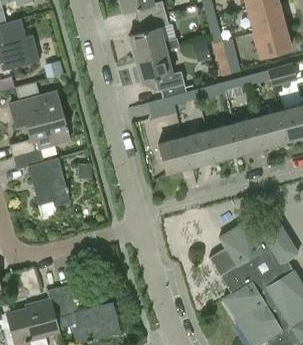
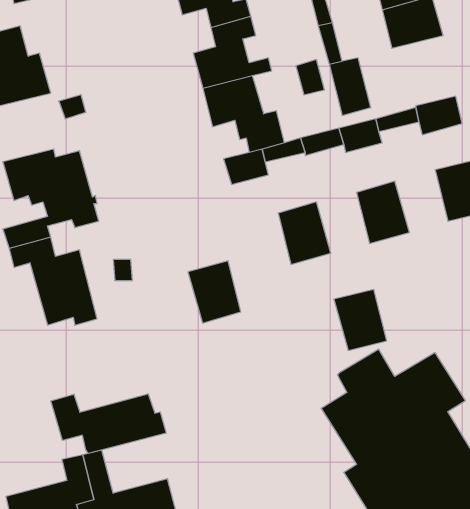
building: [253,25,291,57] -> none
building: [255,109,288,148] -> none
building: [206,123,239,161] -> [334,290,387,350]
building: [157,136,190,175] -> [188,261,241,323]
building: none -> [51,394,166,453]

